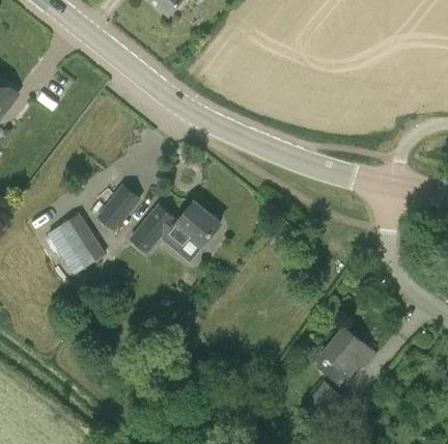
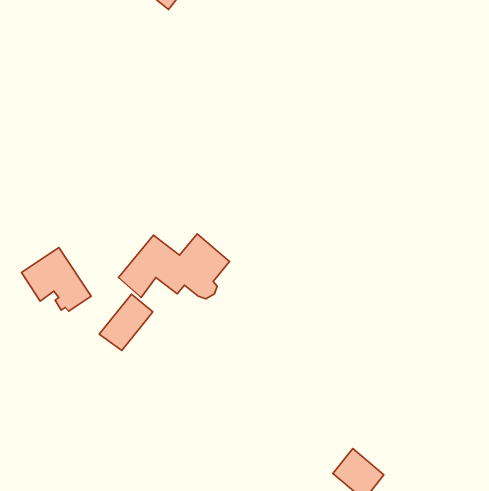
building: [96,185,141,231] -> [99,294,153,350]
building: [311,327,376,386] -> none

